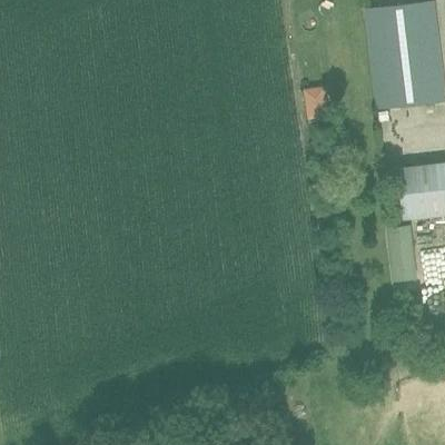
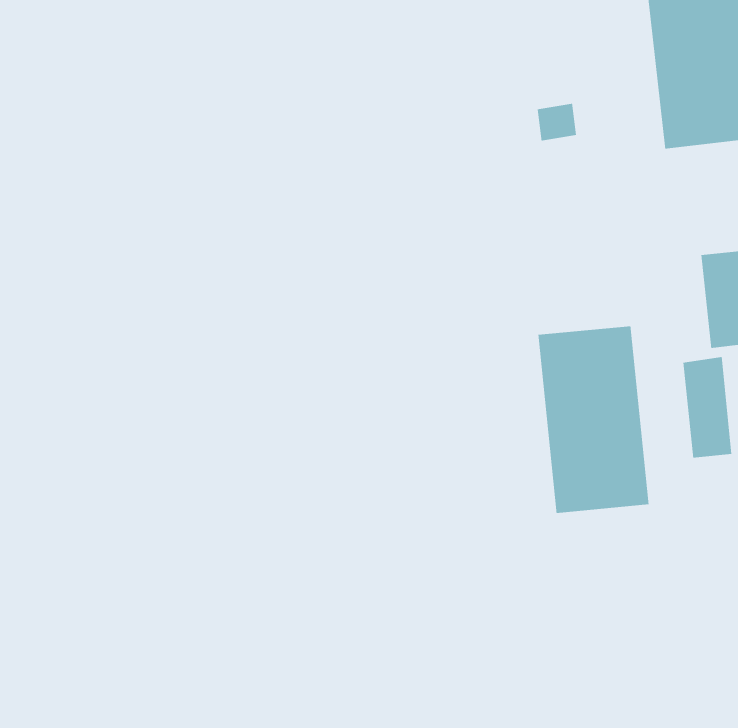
building: none -> [538,325,649,514]

